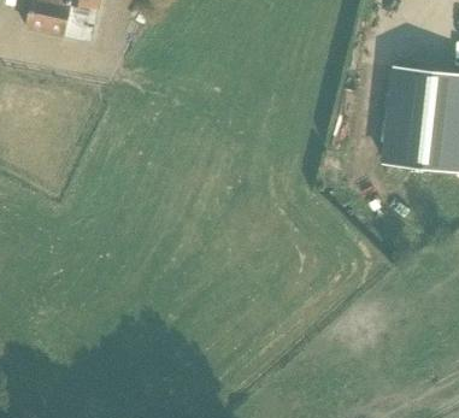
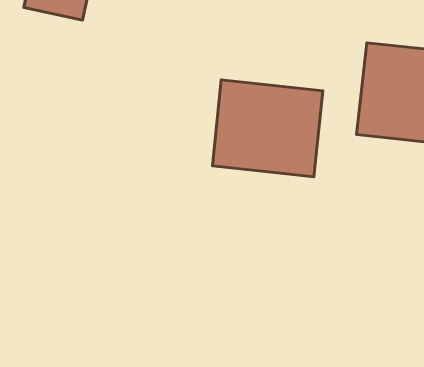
building: none -> [212,80,323,177]

